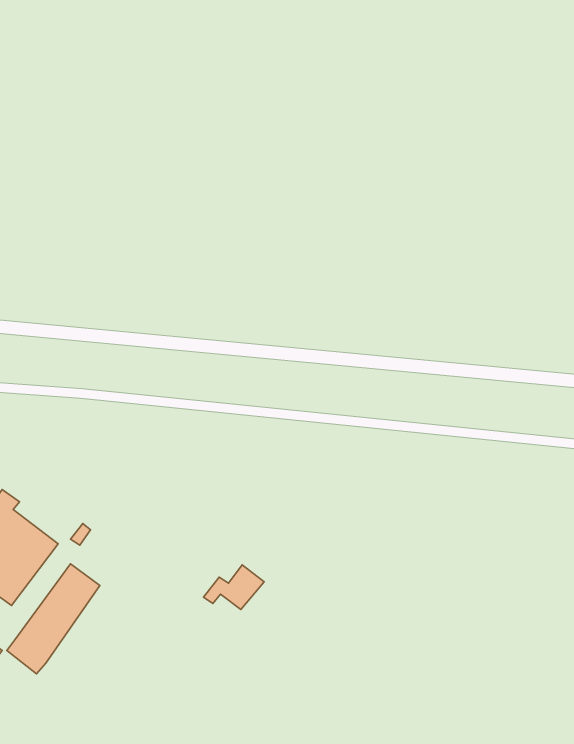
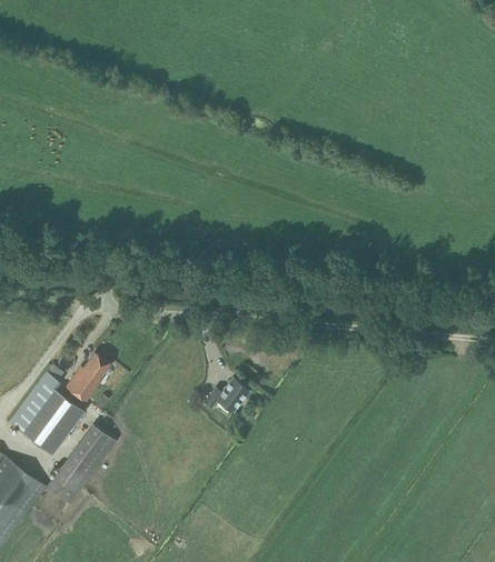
building: none -> [63,352,108,400]
building: [204,565,264,610] -> [204,378,247,410]

